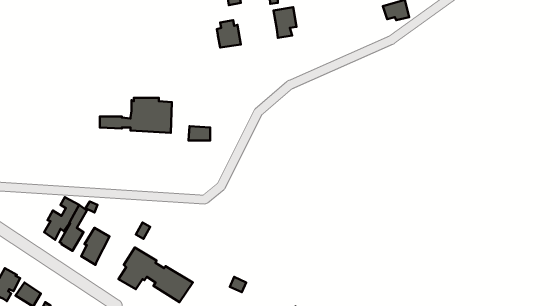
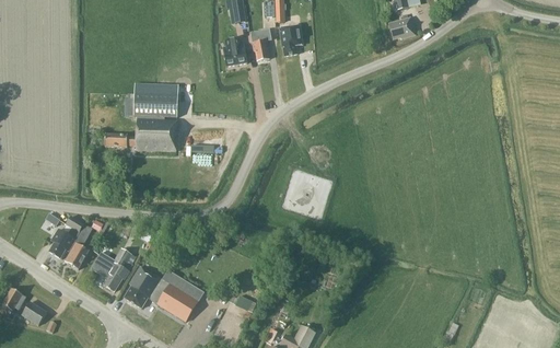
building: none -> [250,28,272,60]
building: none -> [135,83,179,117]
building: none -> [103,247,136,291]

